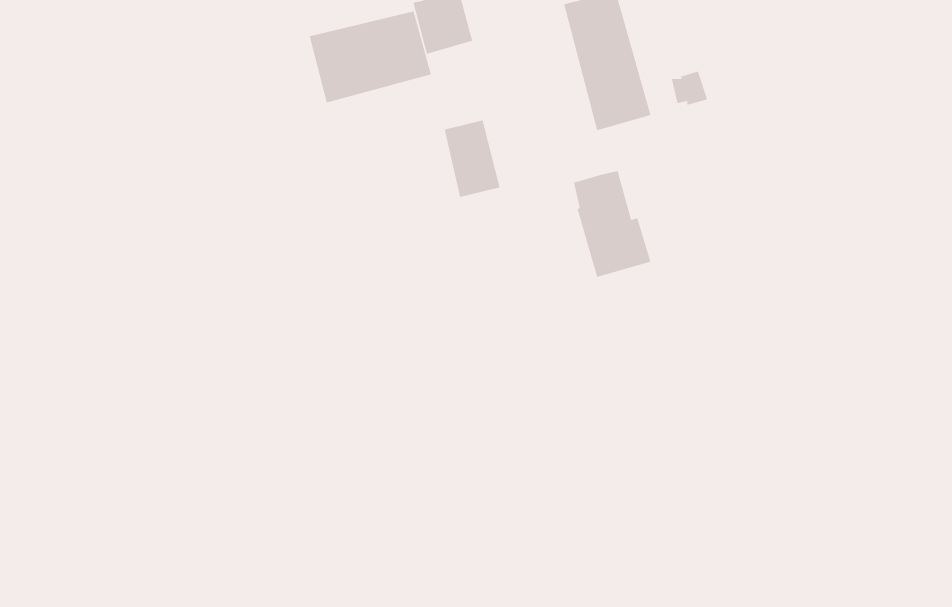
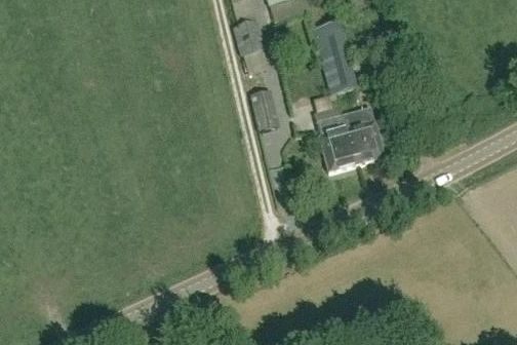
building: [309,10,432,103] -> none
building: none -> [341,106,387,162]

